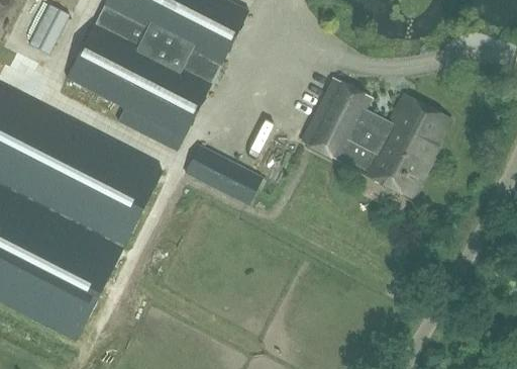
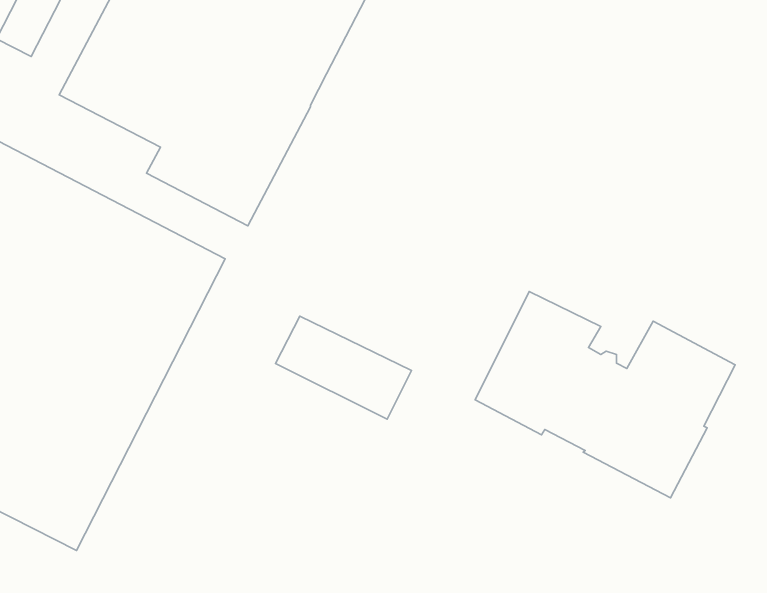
building: [299,78,449,197] -> [475,292,735,498]
building: [183,146,262,205] -> [275,316,412,419]

